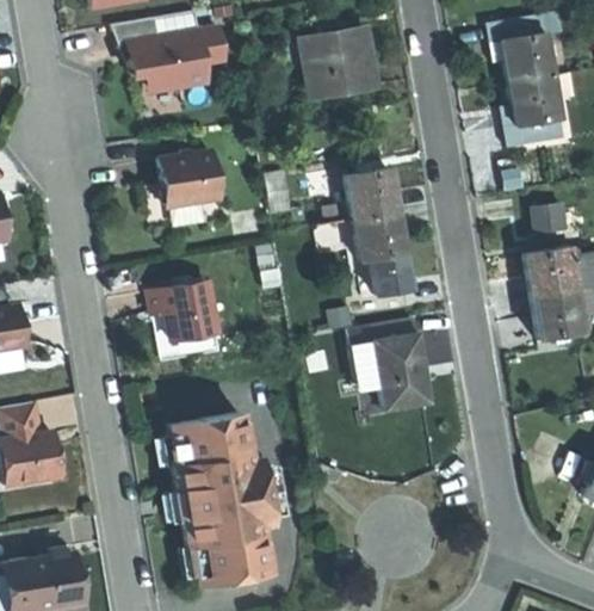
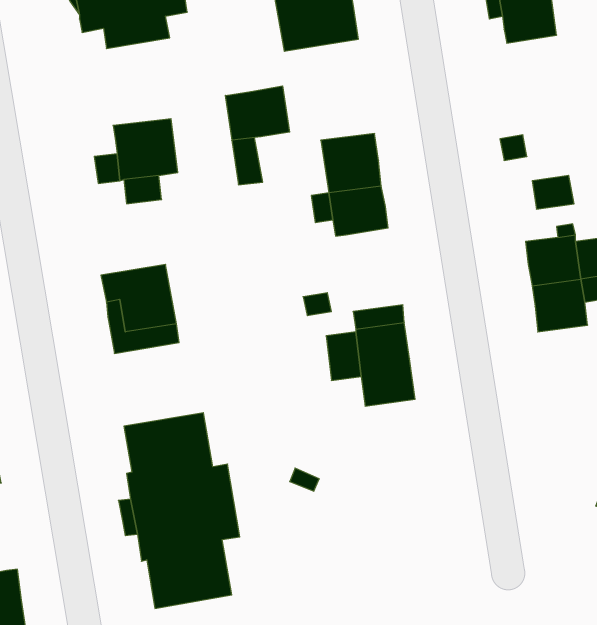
building: [509,79,559,130] -> none
building: none -> [225,86,290,140]
building: [367,249,410,294] -> none

